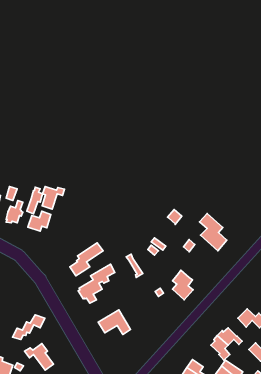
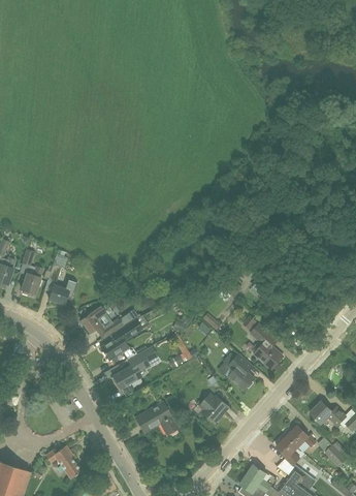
building: [42,187,65,209] -> none
building: [200,214,227,251] -> [249,322,283,369]
building: none -> [79,305,122,339]
building: none -> [201,393,228,423]
building: [12,315,45,340] -> none

